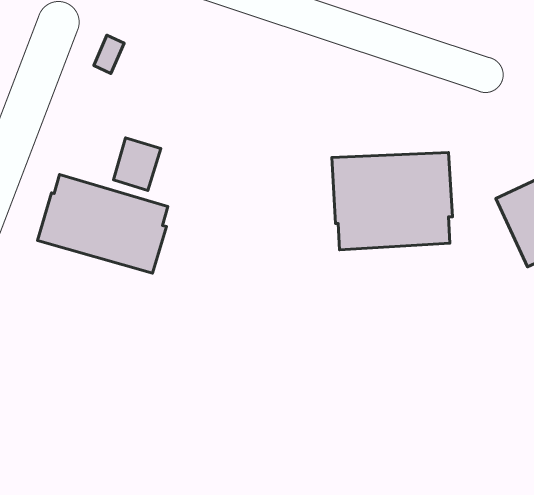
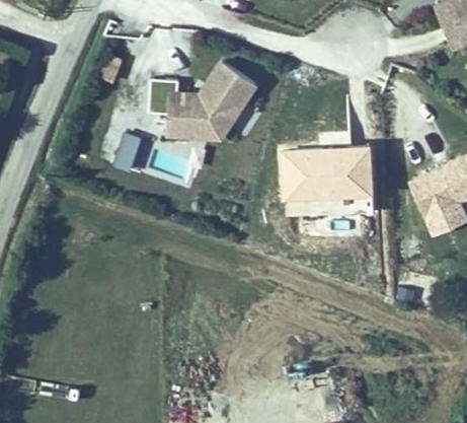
building: none -> [150,59,258,140]
building: [38,174,168,273] -> none

